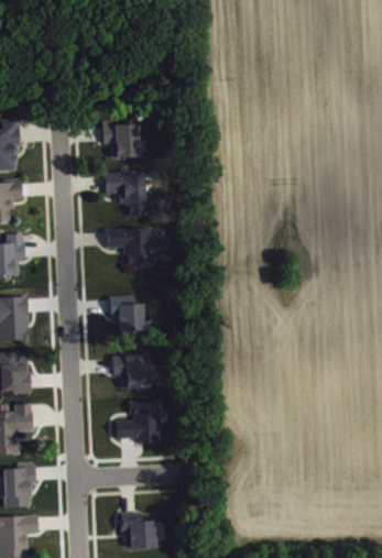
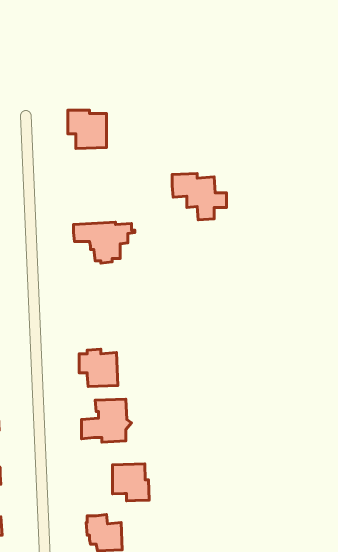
building: [103,171,156,216] -> [172,173,227,220]
building: [113,298,149,333] -> none
building: none -> [112,464,149,501]

